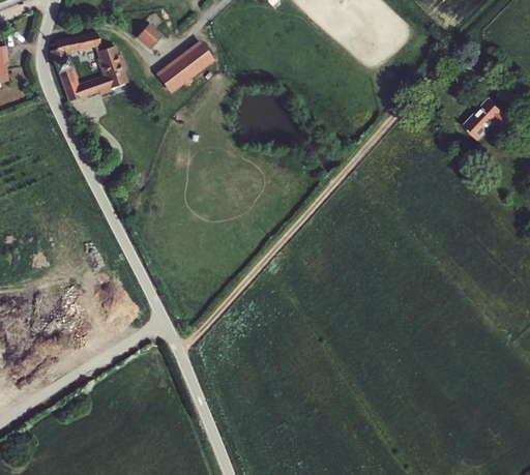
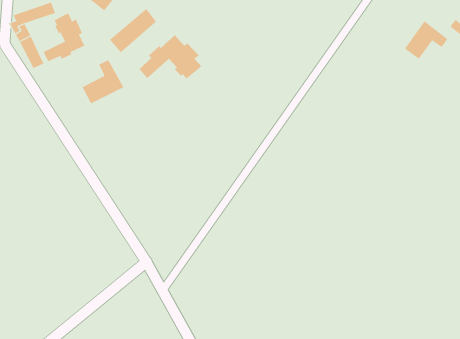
building: none -> [139,35,202,80]
building: none -> [82,60,124,104]

